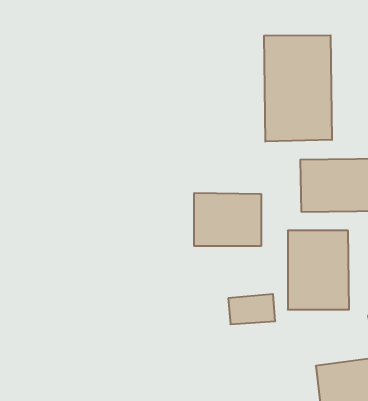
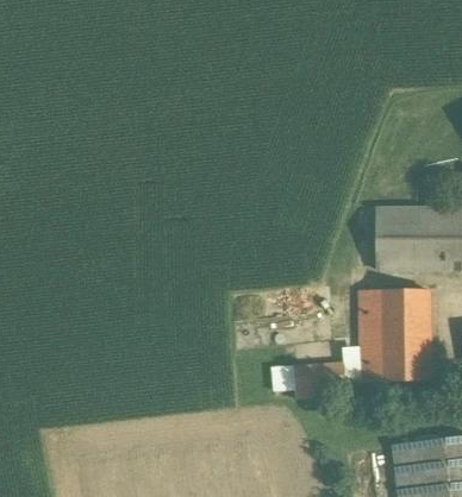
building: [264,35,332,142] -> none
building: [194,193,261,246] -> none

